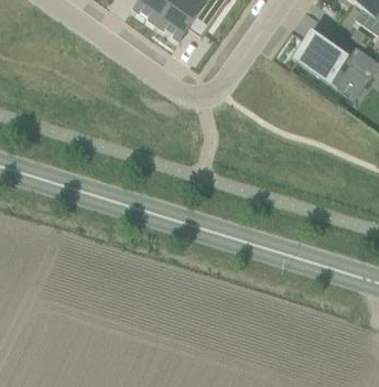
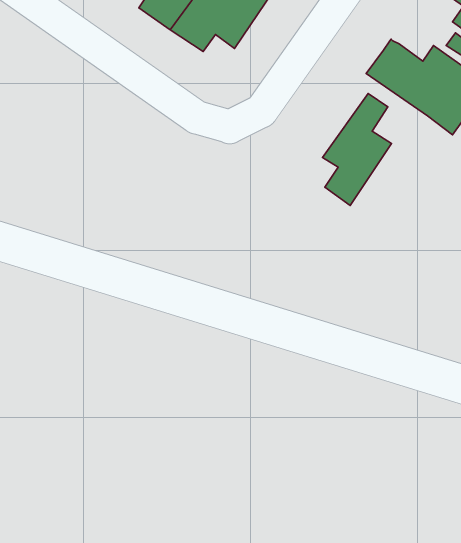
building: none -> [322,93,391,205]

